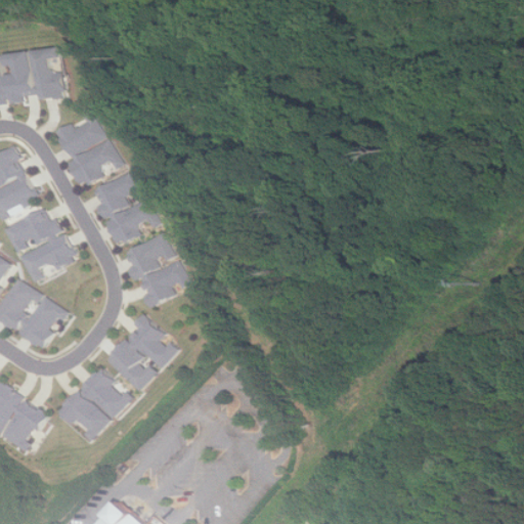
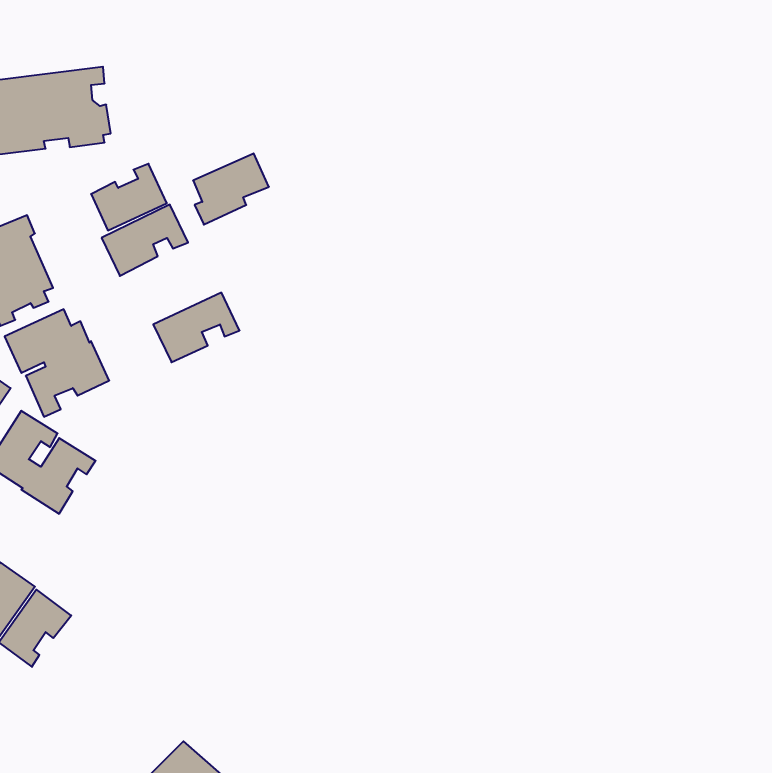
building: [94,171,145,219] -> [193,153,269,225]
building: [124,232,190,309] -> none
building: [102,314,175,391] -> none
building: [56,367,130,438] -> none

